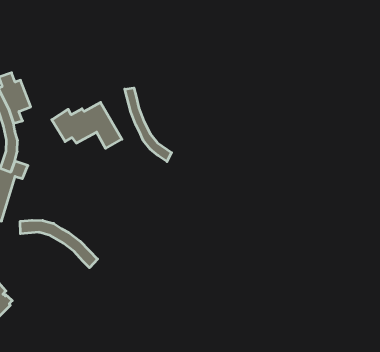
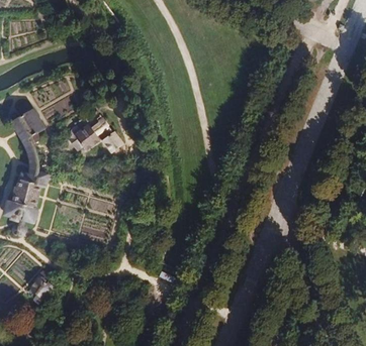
building: [125,88,172,162] -> none
building: [20,220,98,268] -> none

